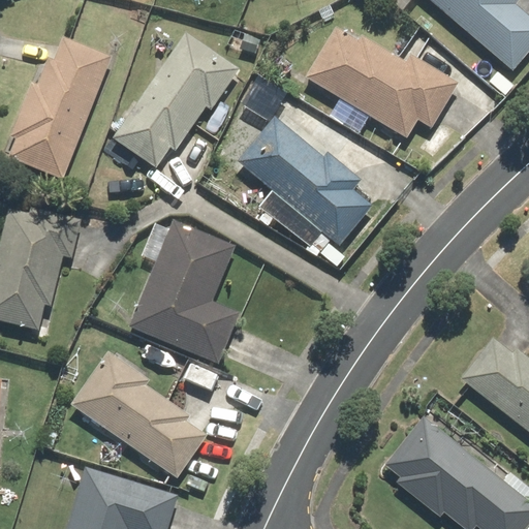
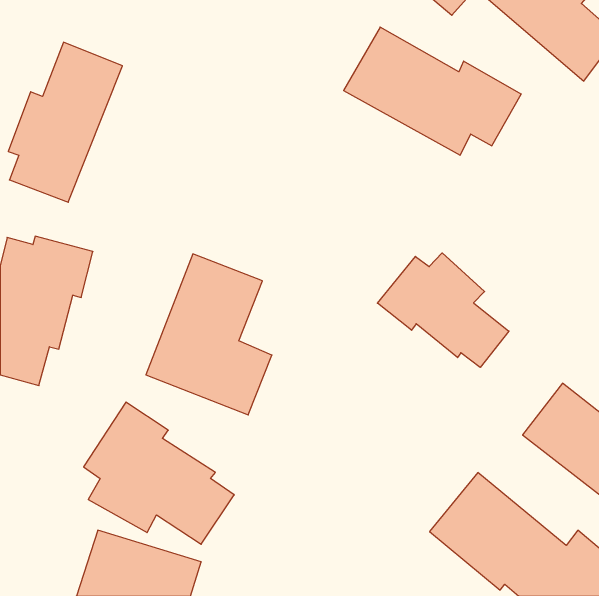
building: [112,33,242,169] -> none
building: [234,115,373,250] -> none
building: none -> [377,253,509,367]

